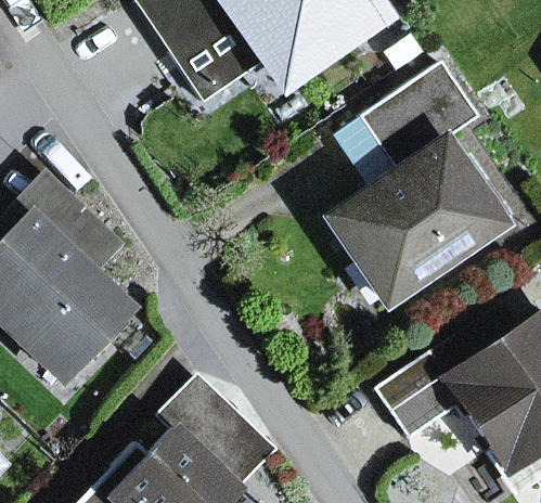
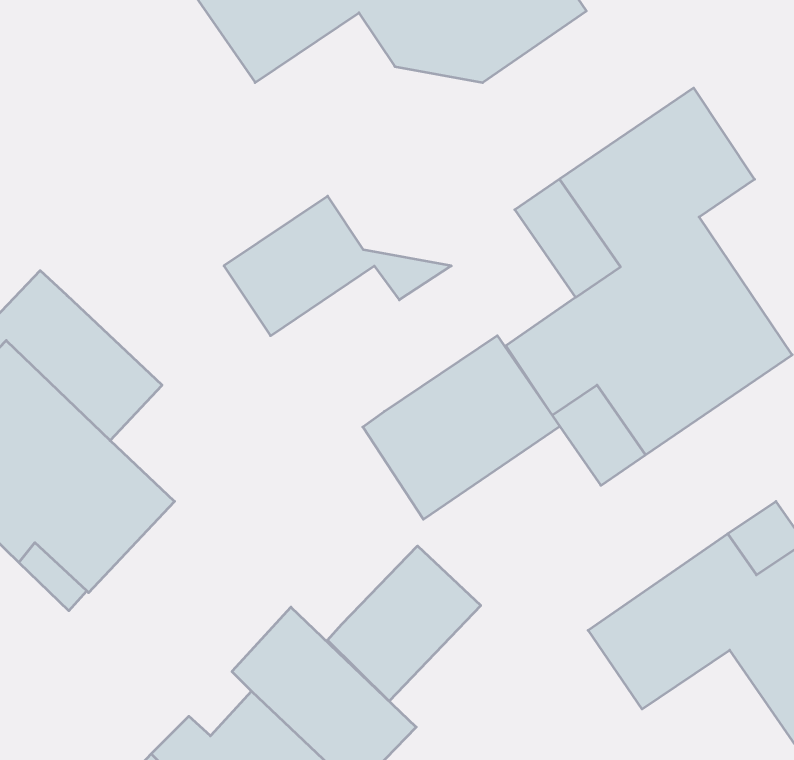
building: [178,18,315,103] -> [224,196,451,336]
building: none -> [363,336,560,519]
building: none -> [327,546,481,701]

